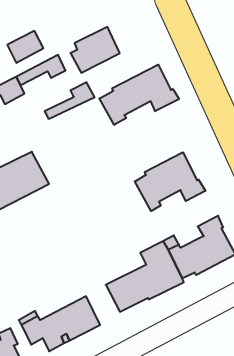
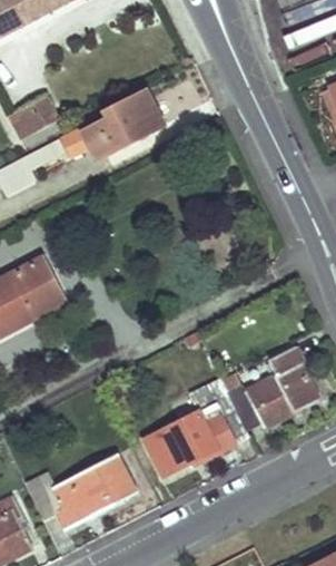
building: [99,65,179,125] -> none
building: [45,82,94,119] -> none
building: [135,152,205,211] -> none

